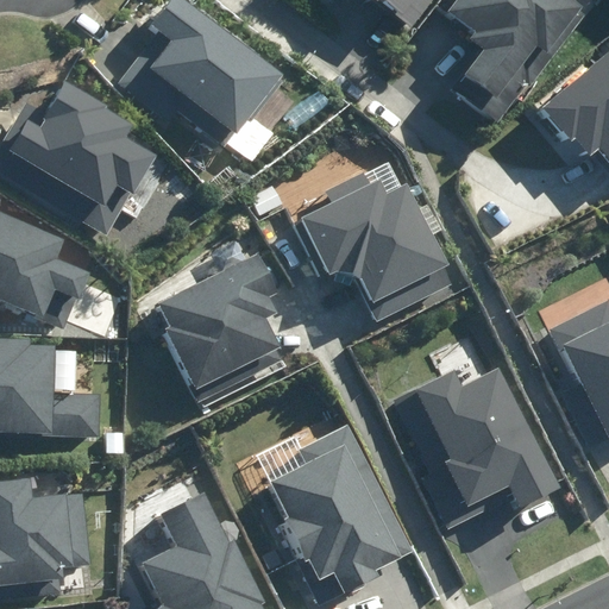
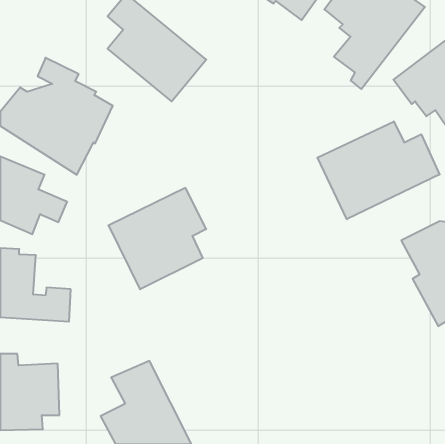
building: [299,158,446,306] -> none
building: none -> [317,121,440,219]
building: [410,365,563,517] -> none
building: [263,423,416,592] -> none

